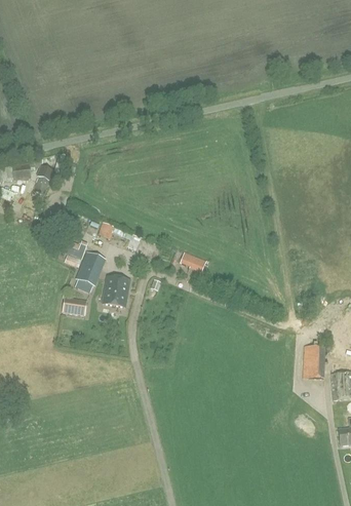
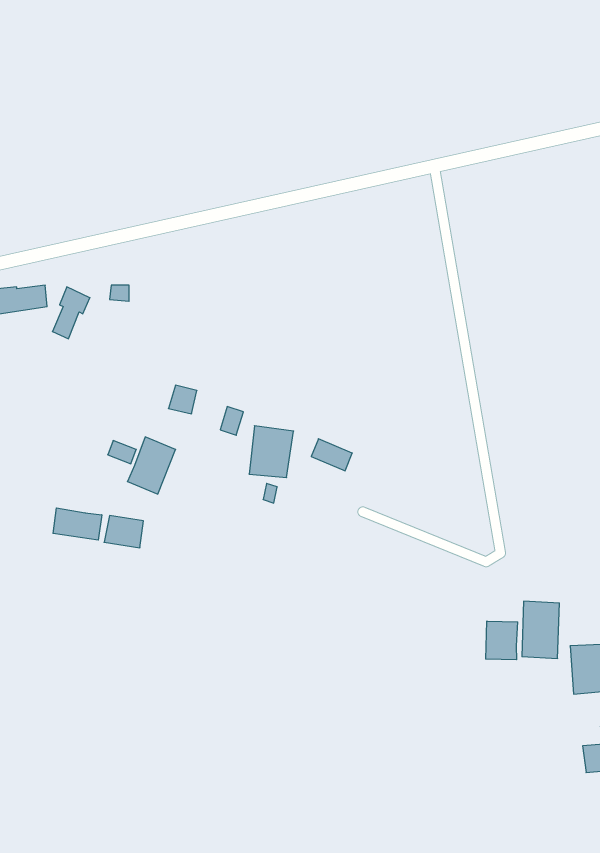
building: [104,276,129,306] -> [249,426,294,478]
building: none -> [53,508,102,540]
building: none -> [486,621,518,660]

